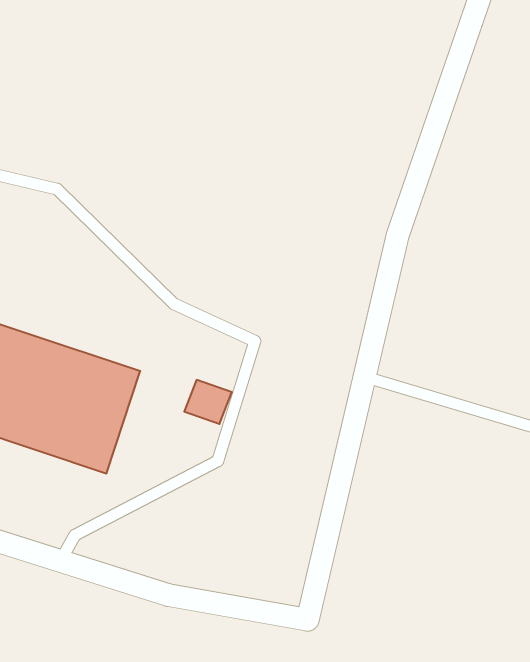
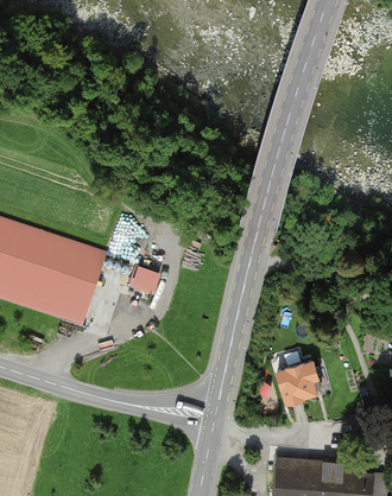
building: none -> [274,360,315,400]

